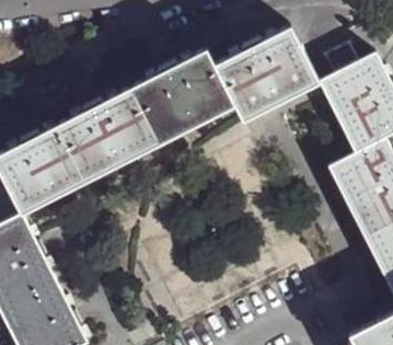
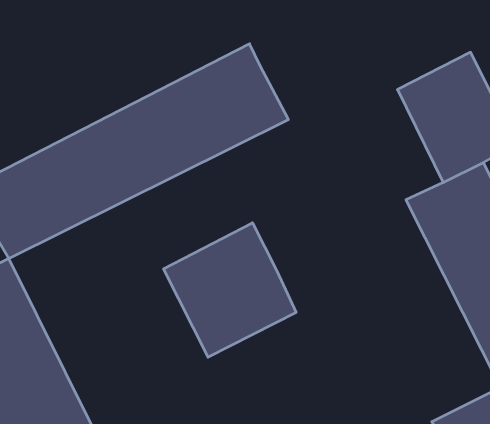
building: [215,26,319,120] -> none
building: none -> [164,223,296,357]

